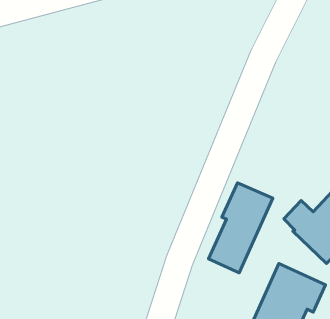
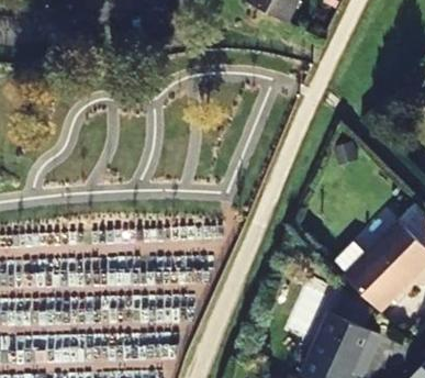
building: [209,183,273,273] -> none

